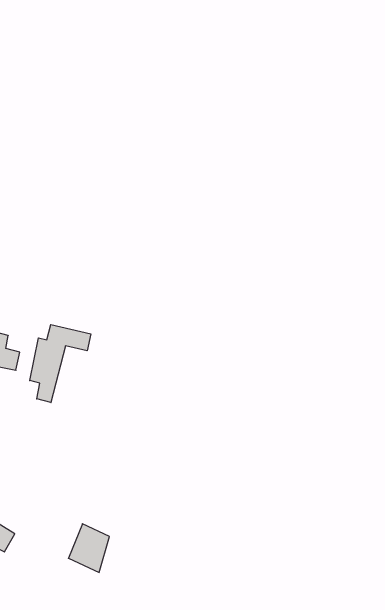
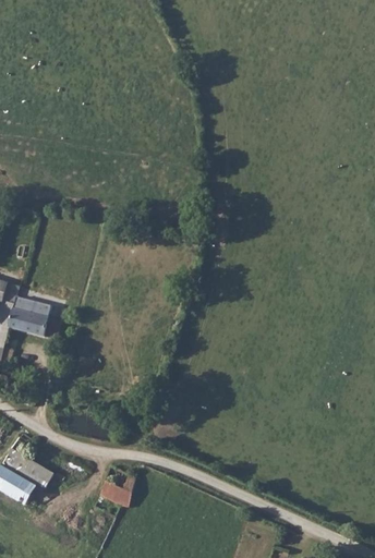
building: [30,325,91,403] -> none

